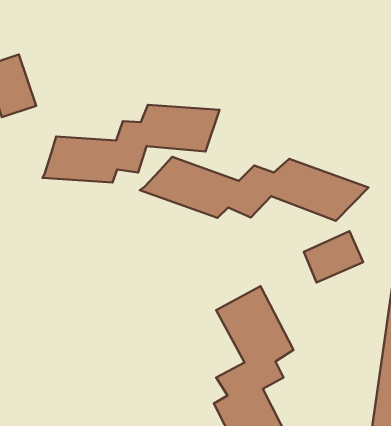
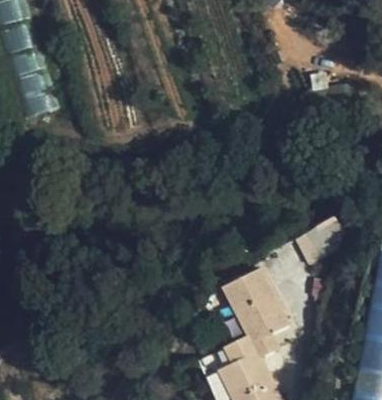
building: [42,105,219,182] -> none
building: [140,157,368,221] -> none

